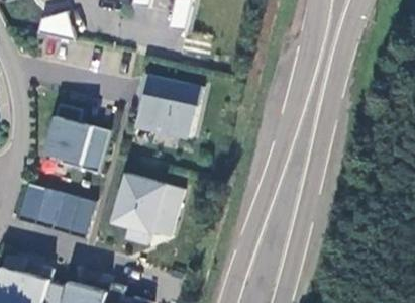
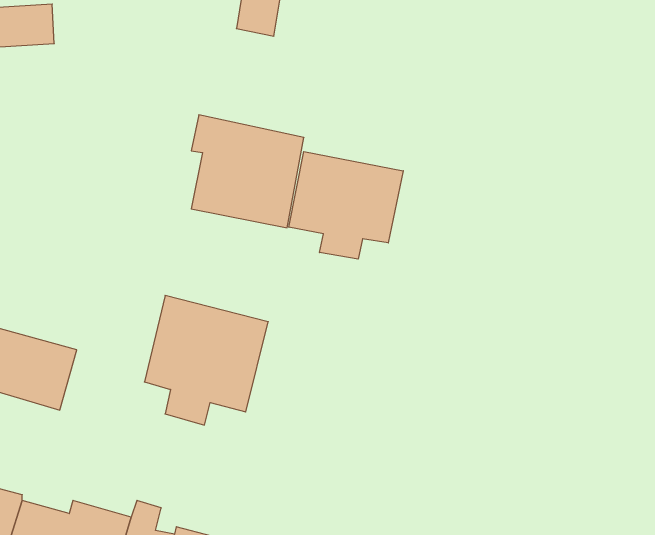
building: none -> [289,152,403,259]
building: [44,102,109,171] -> none

